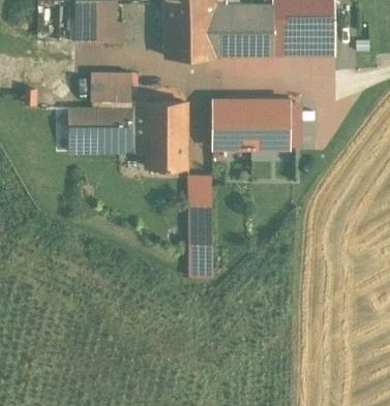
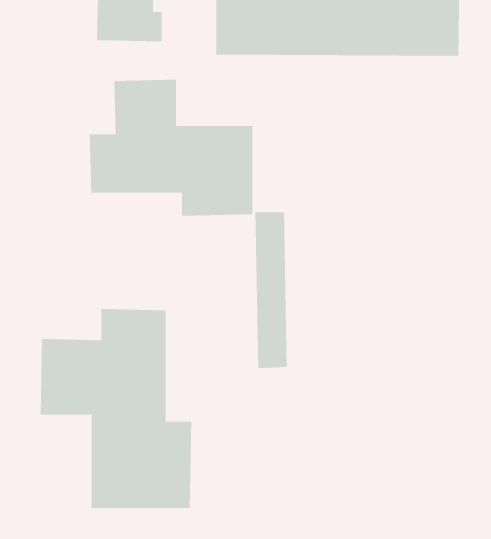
building: [213,100,308,149] -> none
building: none -> [40,308,192,509]

